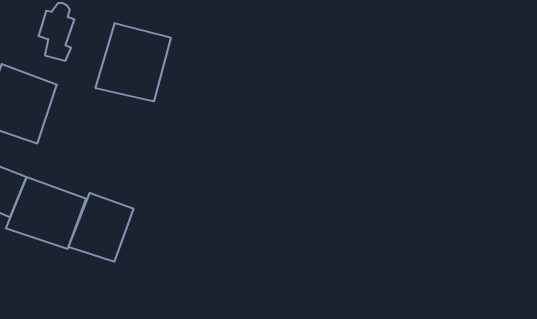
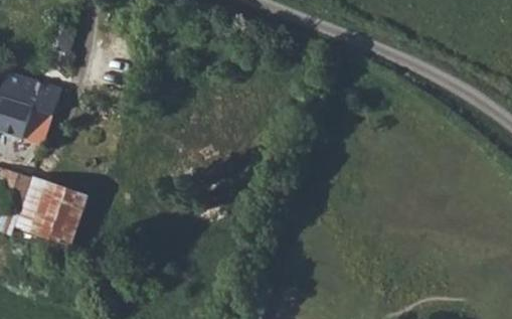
building: [96,23,171,101] -> none
building: [68,193,133,262] -> none

